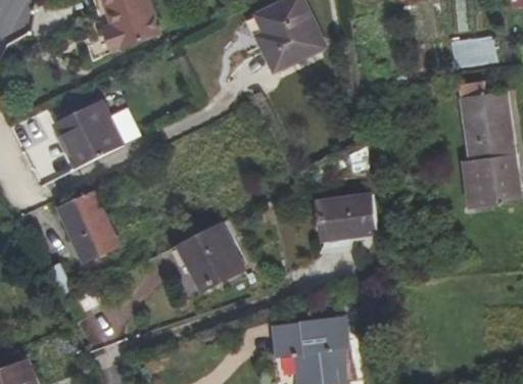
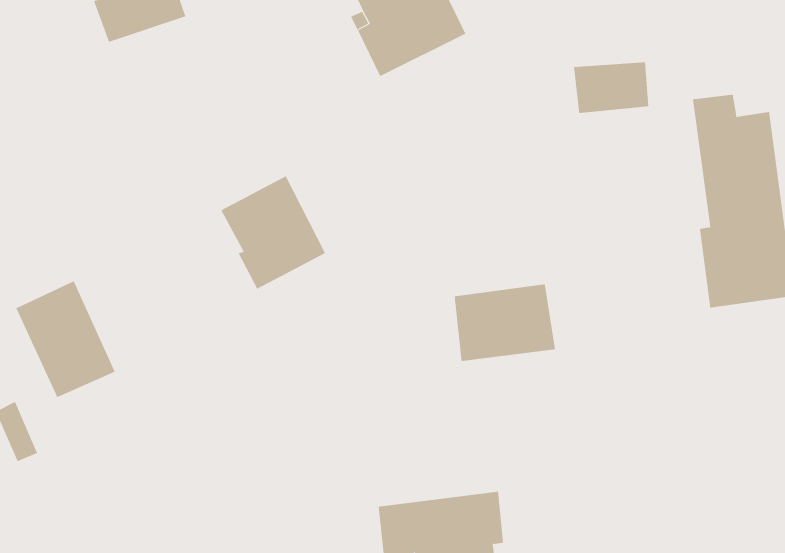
building: [450,36,495,66] -> [573,62,649,113]
building: [55,101,124,170] -> none
building: [181,223,243,290] -> [221,176,326,289]

